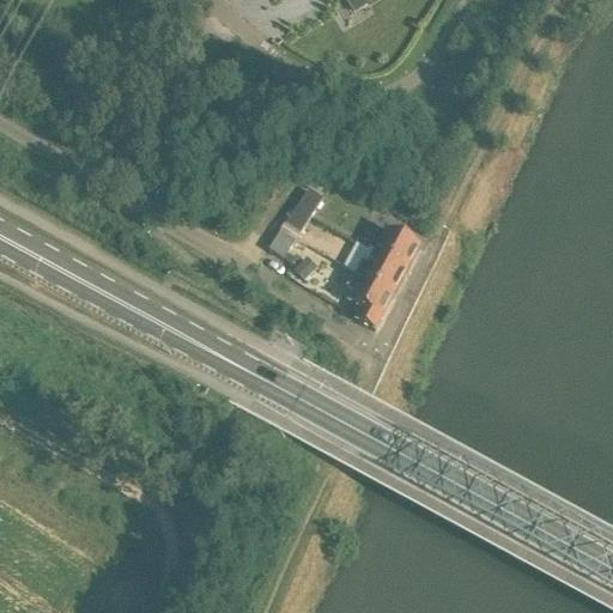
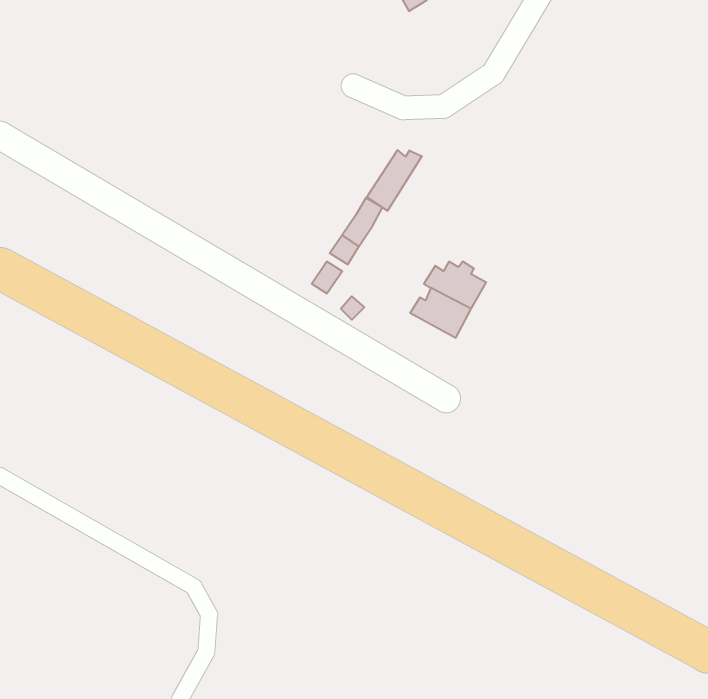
building: none -> [367,150,422,211]
building: [347,271,394,327] -> none

